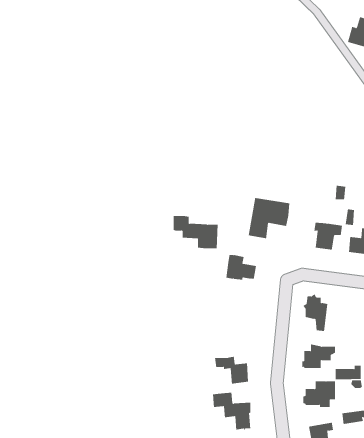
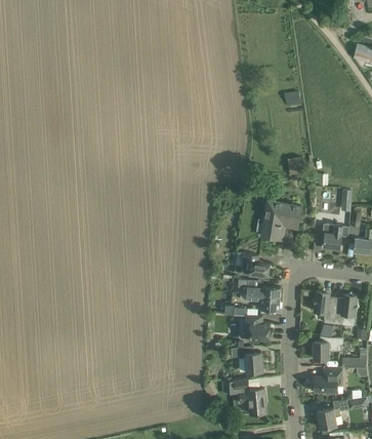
building: [173,215,219,249] -> [237,279,279,310]
building: none -> [331,292,358,326]
building: none -> [237,314,268,342]

